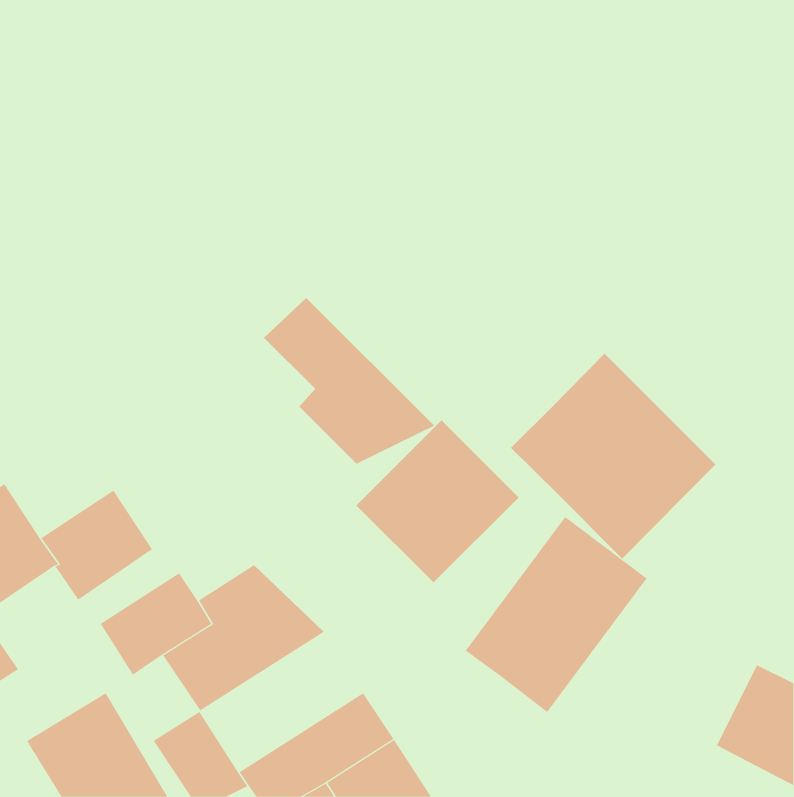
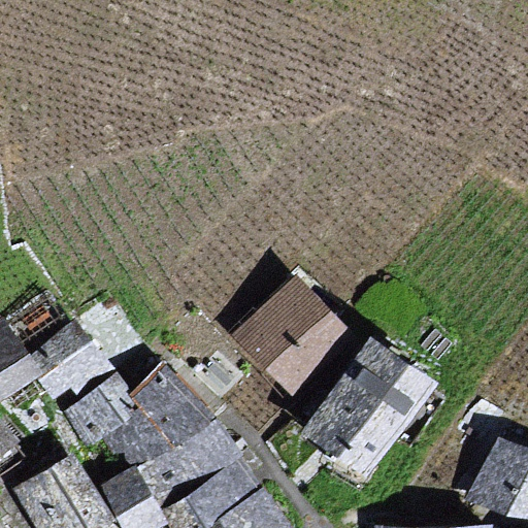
building: [263,297,435,464] -> none
building: [510,353,716,560] -> none
building: none -> [132,418,240,510]

